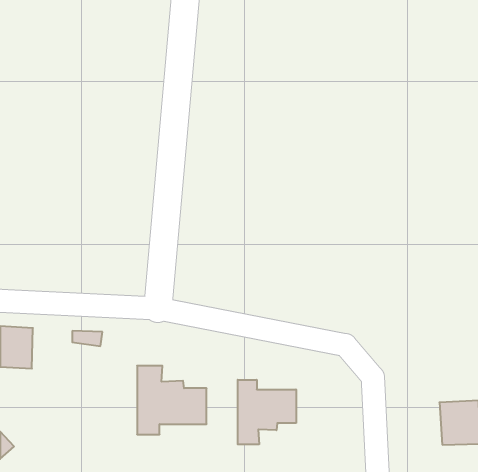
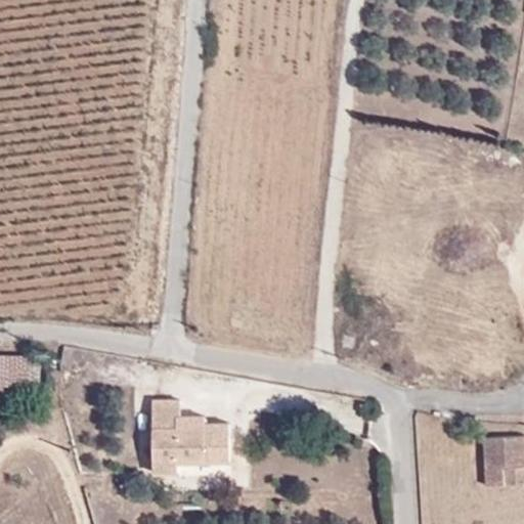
building: [238,380,296,444] -> none

